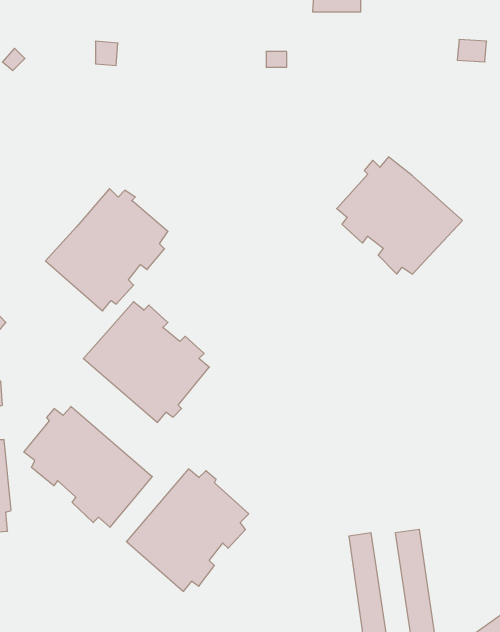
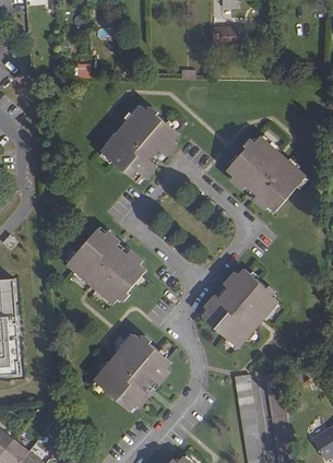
building: [46,189,168,311] -> [100,105,178,182]
building: none -> [202,269,277,347]
building: [24,406,152,527] -> none

